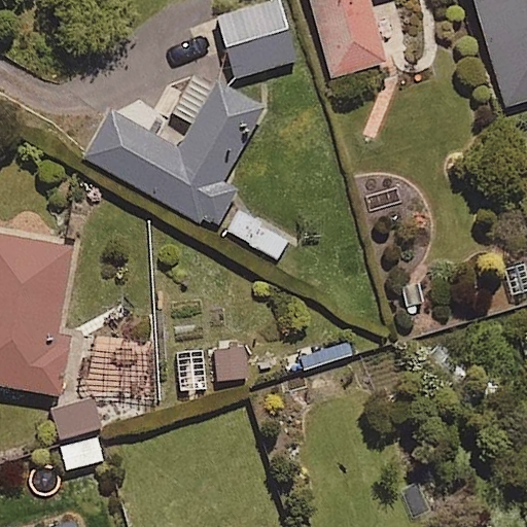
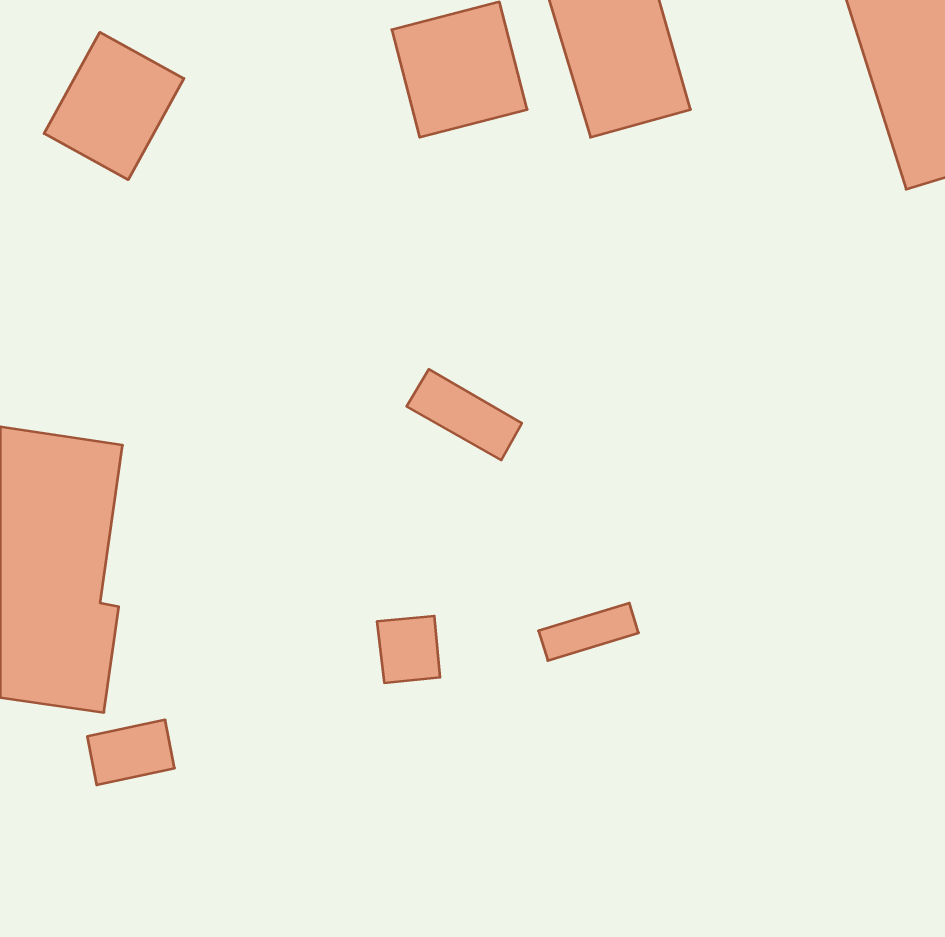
building: none -> [44,32,184,180]
building: [83,87,258,230] -> none

